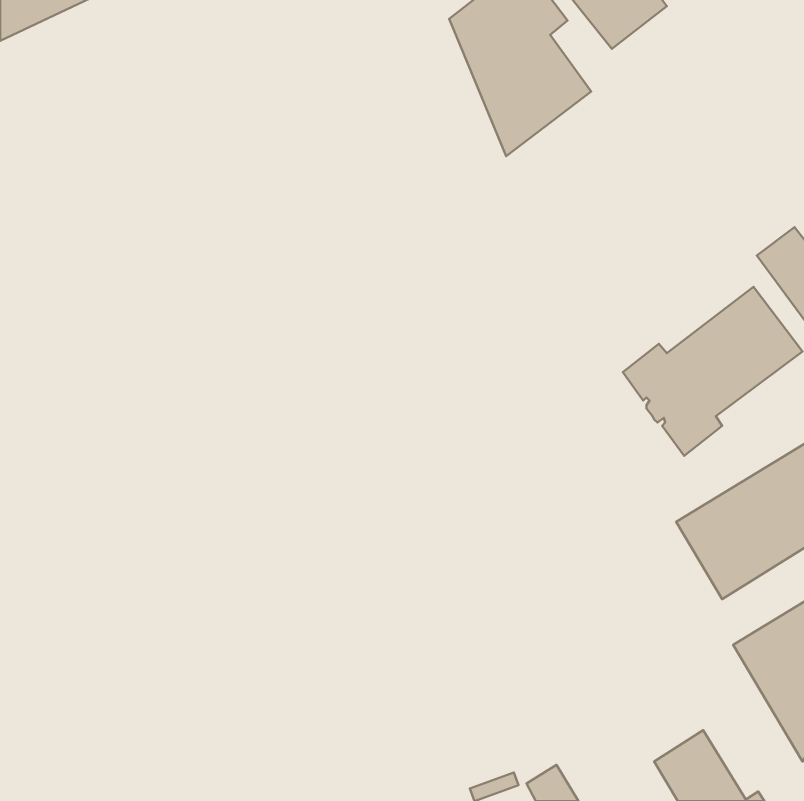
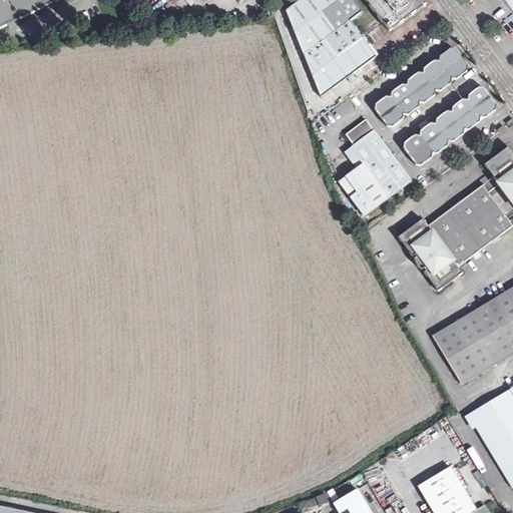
building: none -> [374,49,468,127]
building: none -> [402,88,496,166]
building: none -> [344,119,411,216]

